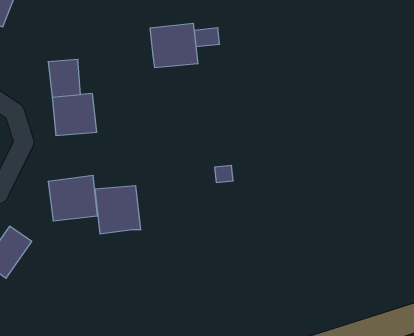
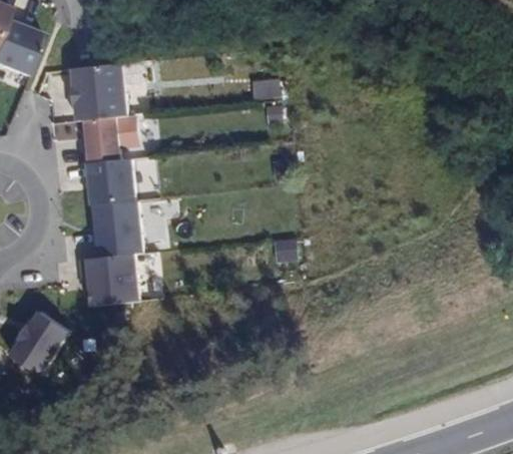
building: none -> [69,63,126,120]
building: [150,23,198,68] -> none
building: [95,186,141,234] -> [90,200,144,257]

